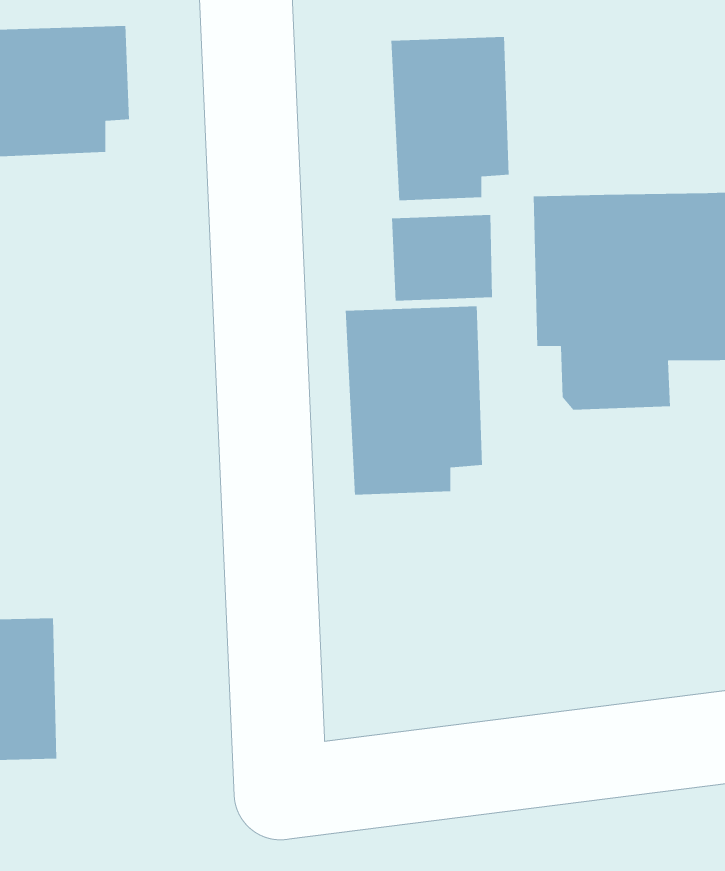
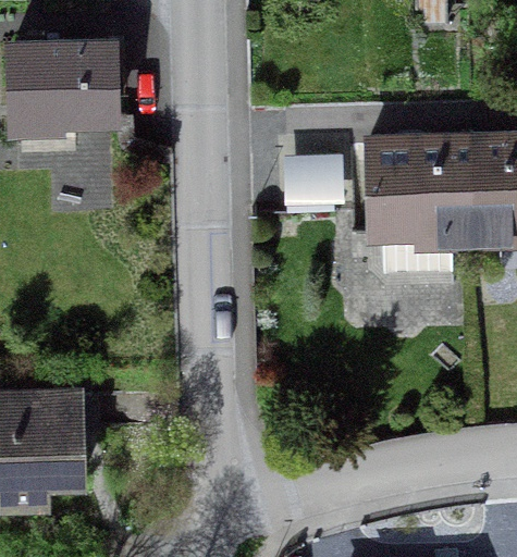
building: [390,36,510,201] -> none
building: [345,305,483,496] -> none

